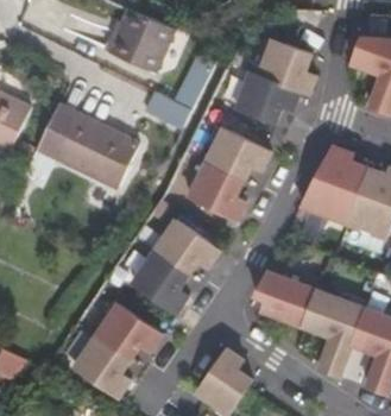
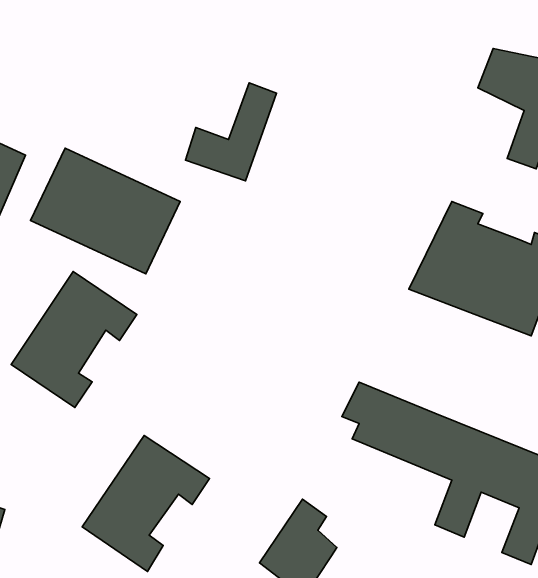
building: [112,14,175,77] -> none
building: [234,37,314,120] -> none
building: [184,126,269,219] -> none
building: [131,220,217,314] -> [11,272,137,408]

